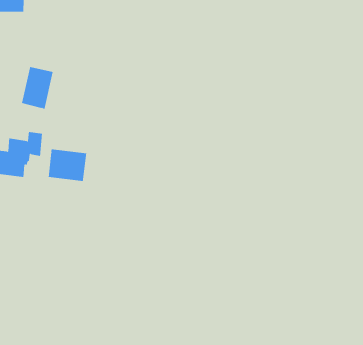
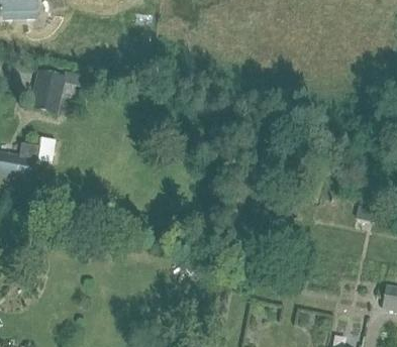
building: [48,148,87,182] -> none

